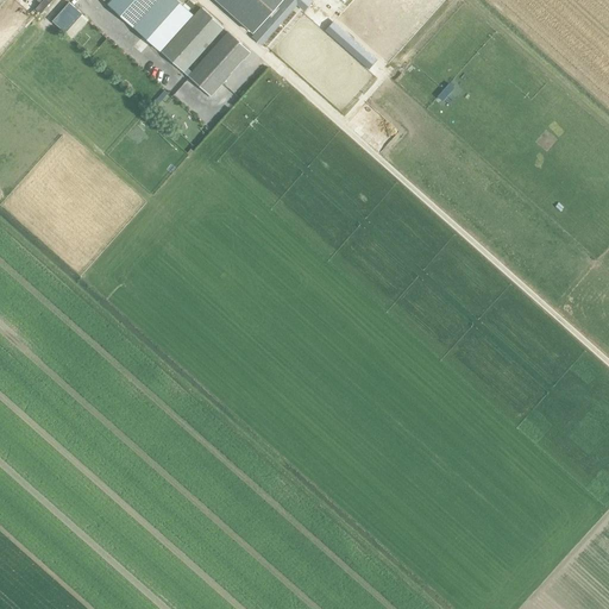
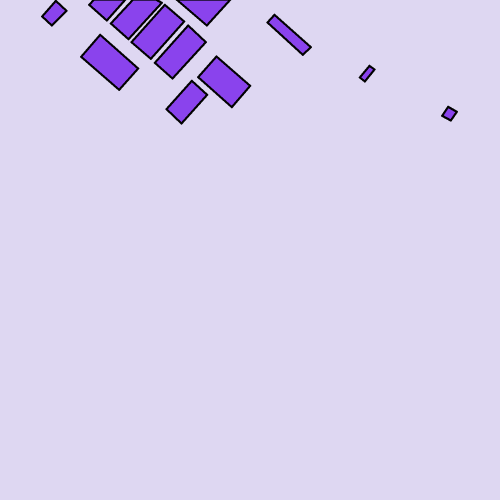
building: none -> [81,35,138,90]
building: none -> [198,57,250,107]
building: none -> [166,81,207,123]

